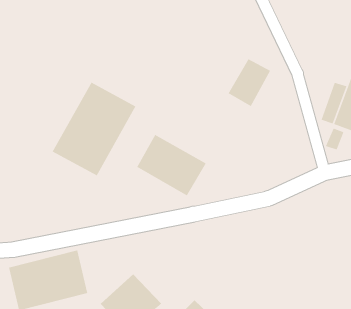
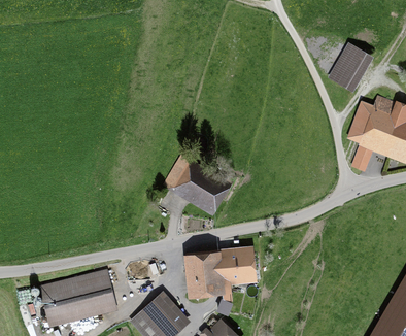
building: [227,58,271,107] -> [328,42,371,91]
building: [52,82,137,177] -> none
building: none -> [182,245,257,298]

